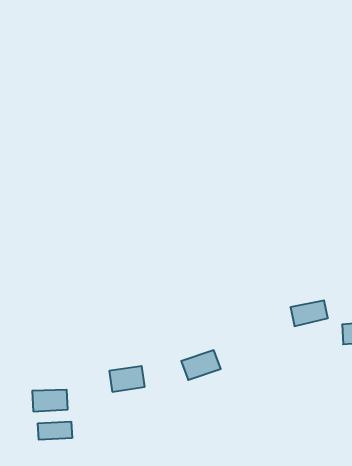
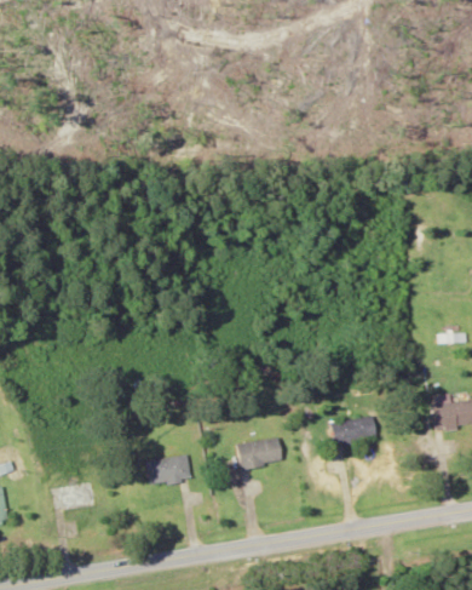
building: [290,300,328,326] -> [330,414,376,446]
building: [38,422,72,440] -> none

